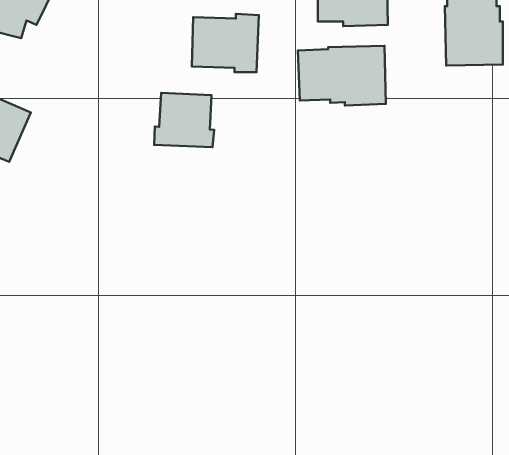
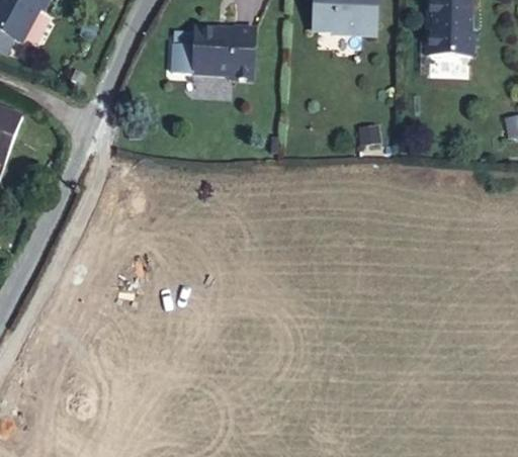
building: [298,46,386,106] -> none
building: [154,93,214,147] -> none

